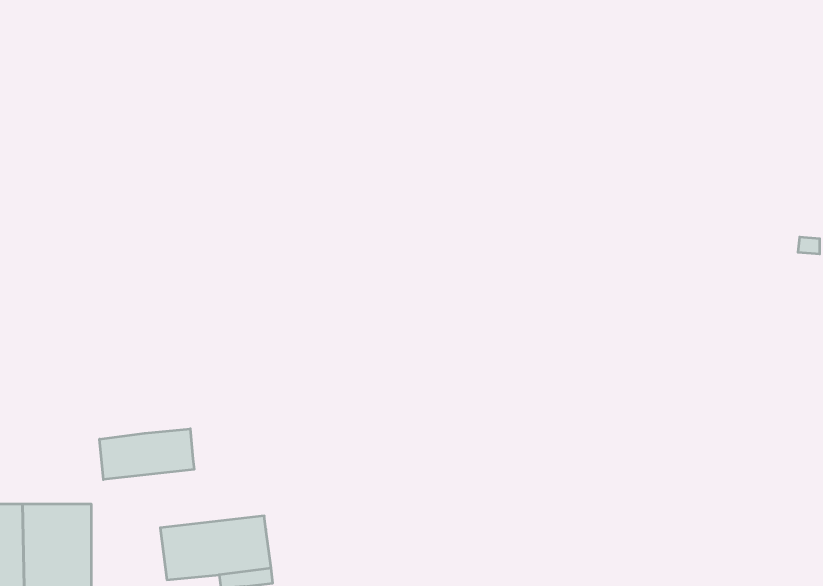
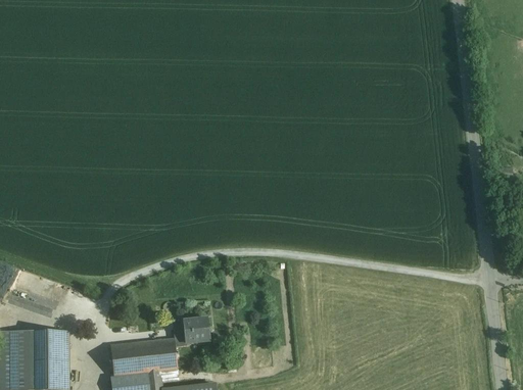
building: [100,429,194,480] -> none
building: none -> [172,316,208,345]

